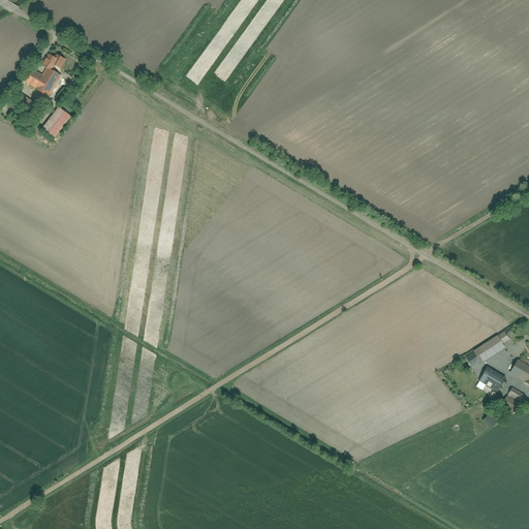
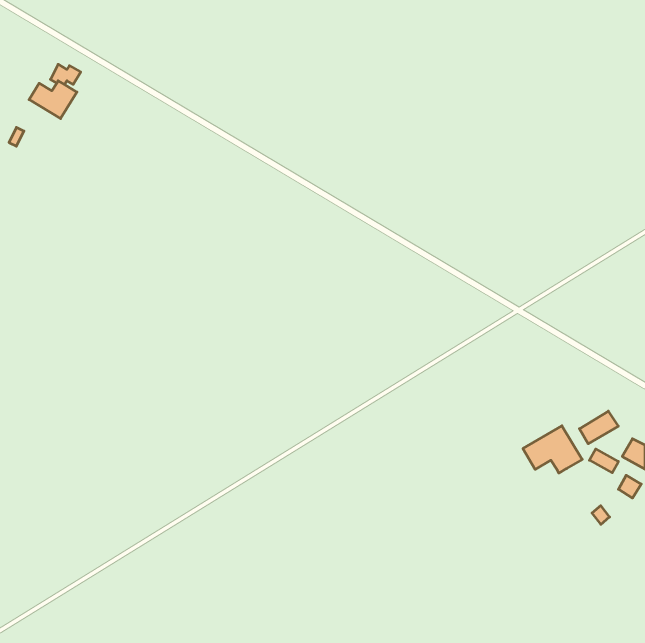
building: [41,108,71,139] -> none
building: none -> [523,426,582,473]

